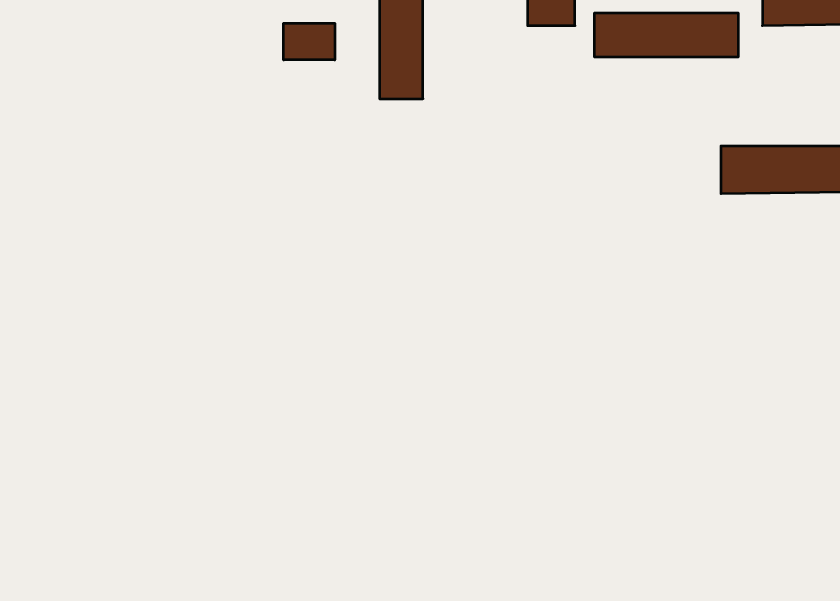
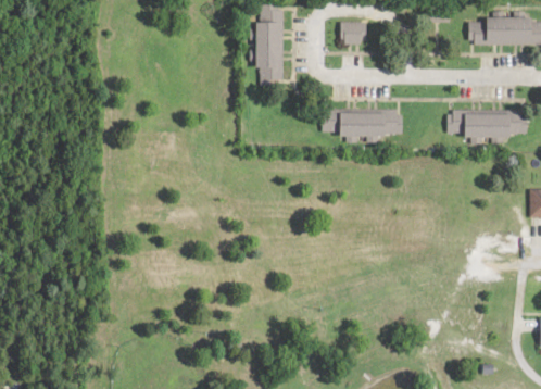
building: [594,13,738,57] -> [322,111,401,135]
building: [284,23,335,60] -> none

